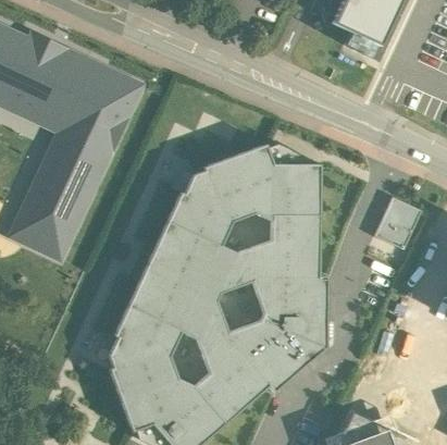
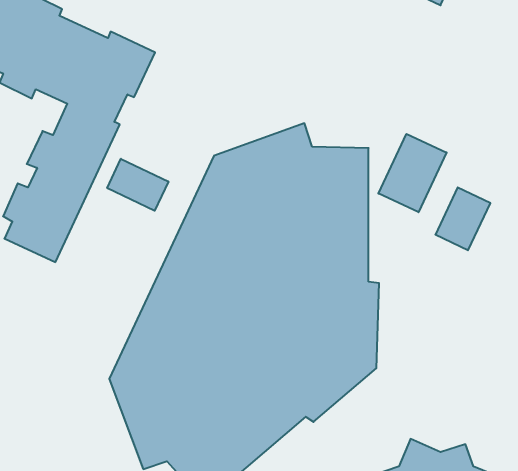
building: none -> [378,134,447,212]
building: none -> [107,159,168,211]

